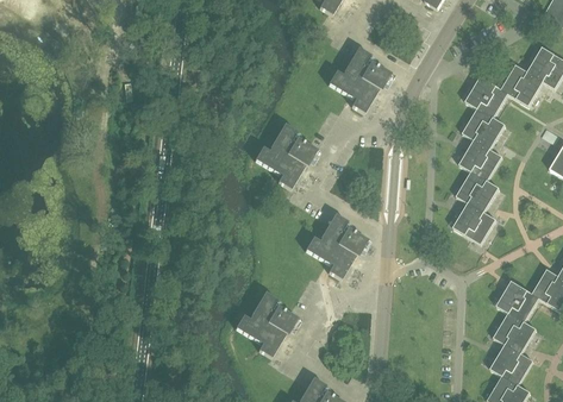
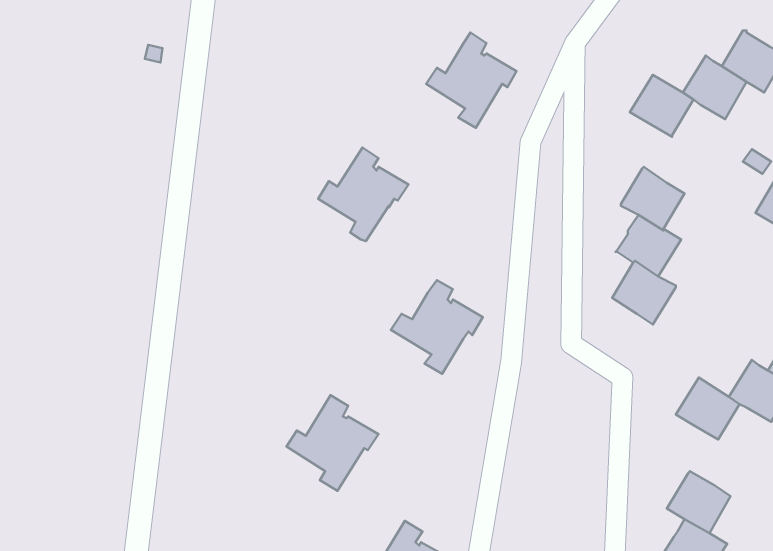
building: [463,108,506,149] -> none
building: [494,312,537,352] -> none

